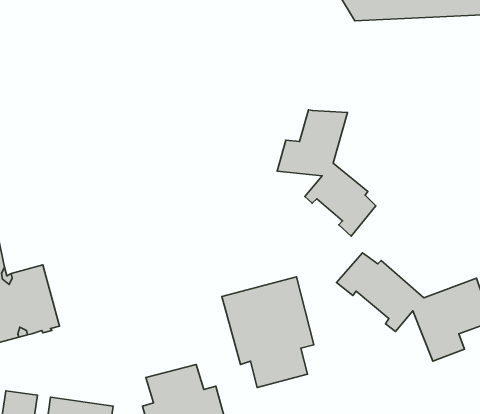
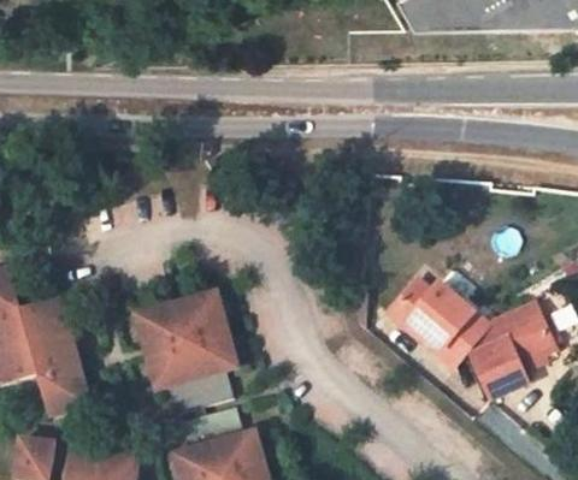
building: [277,110,376,236] -> none
building: [222,277,314,387] -> [134,290,235,411]
building: none -> [41,372,90,415]

